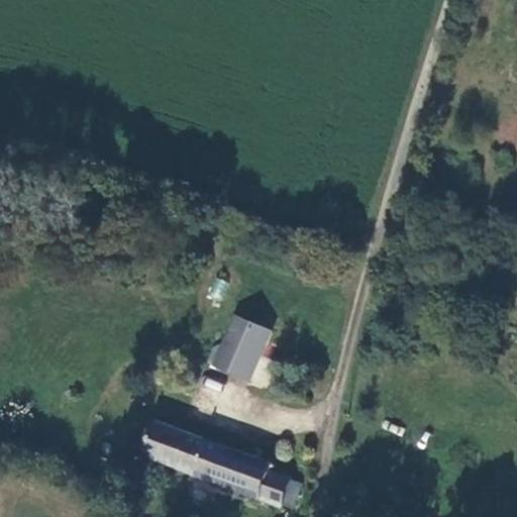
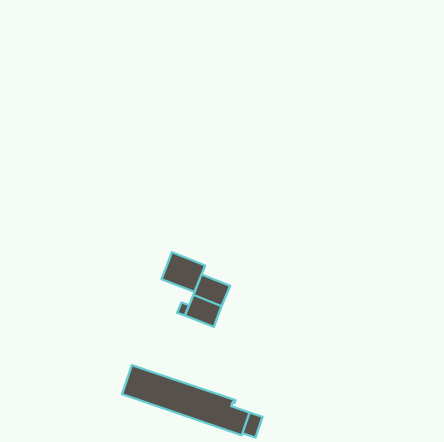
building: none -> [162,252,205,292]

